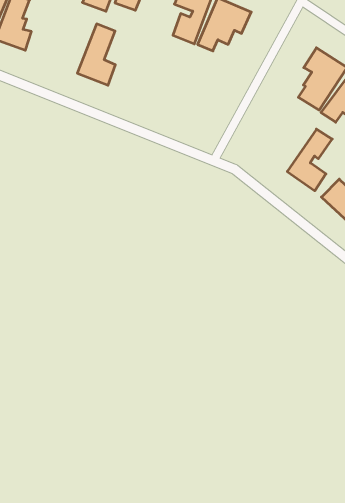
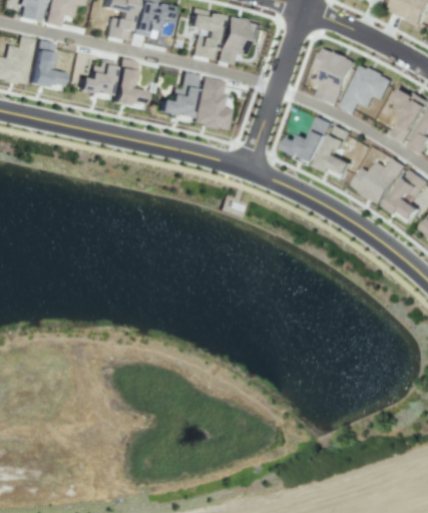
building: none -> [76,58,115,99]
building: none -> [156,71,197,119]
building: none -> [192,75,232,131]
building: none -> [285,116,336,165]

